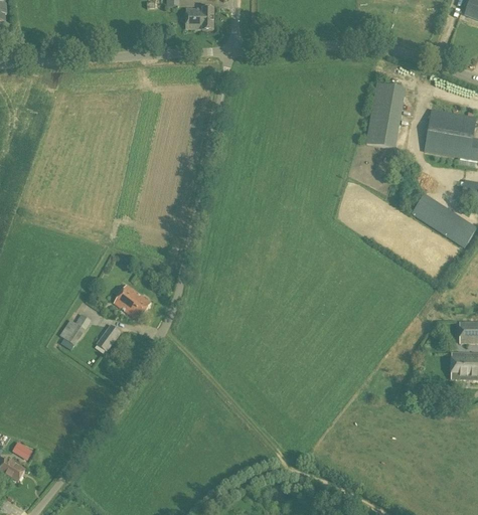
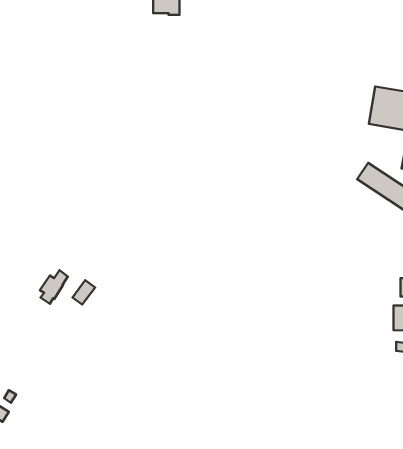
building: [364,81,403,146] -> none
building: [115,285,151,319] -> none

